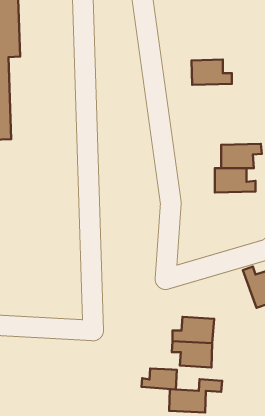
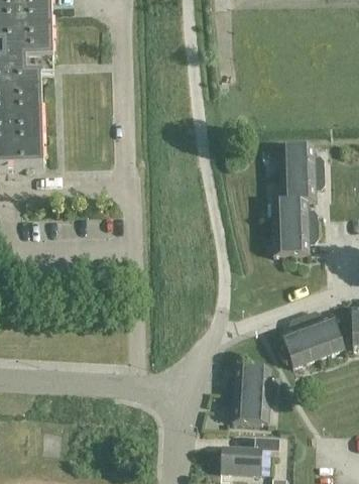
building: [191,60,232,85] -> [277,145,323,173]
building: none -> [271,226,317,255]
building: none -> [279,314,318,366]
building: [142,368,177,389] -> none

